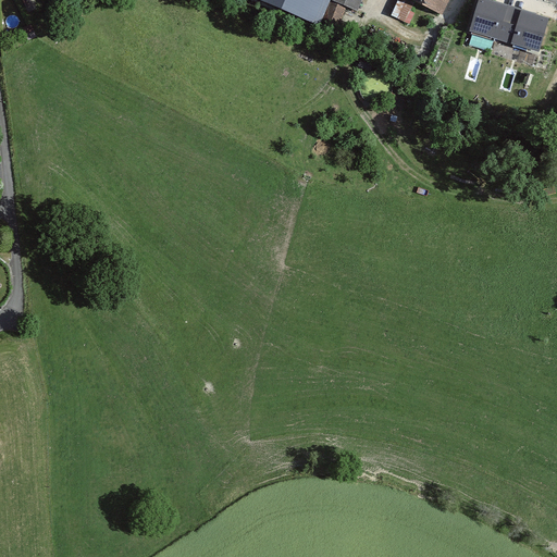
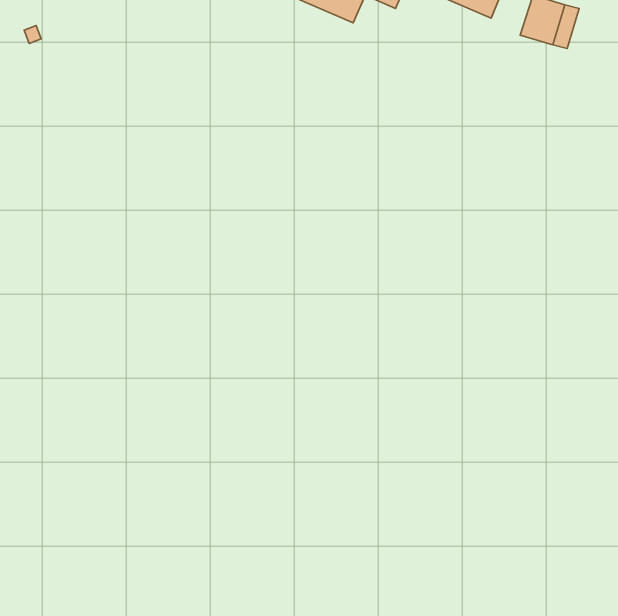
building: [510,8,549,52] -> none

